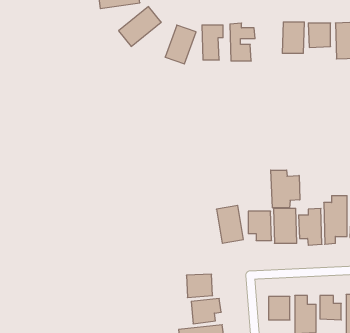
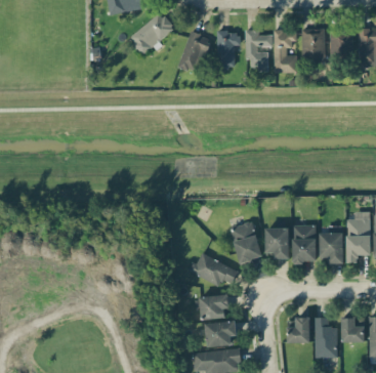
building: none -> [274,31,295,73]
building: [271,170,300,208] -> none
building: none -> [187,253,237,286]

